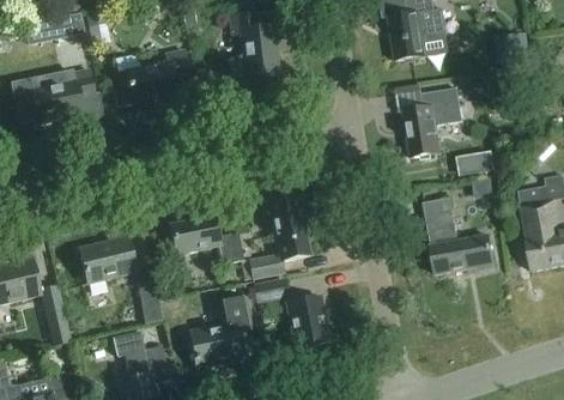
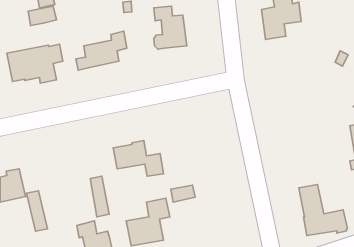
building: [402,87,462,157] -> none
building: [457,146,497,172] -> none
building: [241,194,310,279] -> none
building: [422,198,493,273] -> [299,185,347,236]
building: [78,230,135,281] -> none
building: [287,297,328,347] -> none

